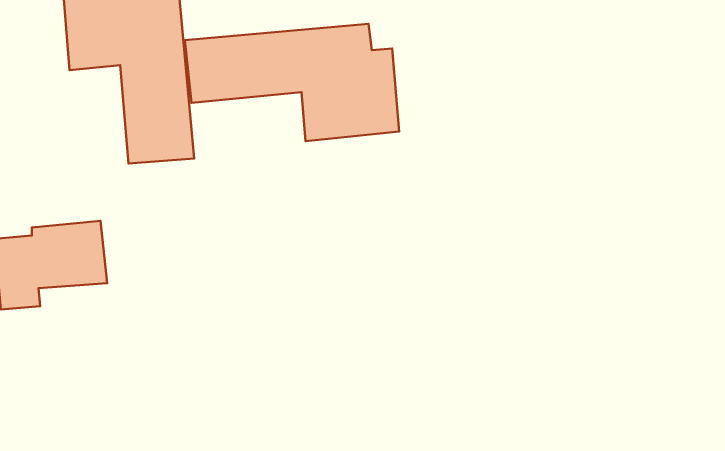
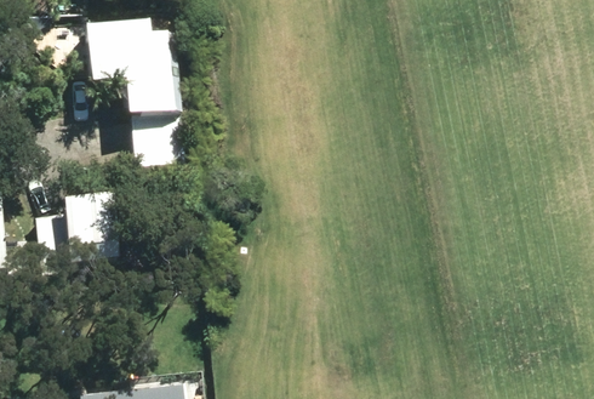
building: [185,24,399,141] -> none

